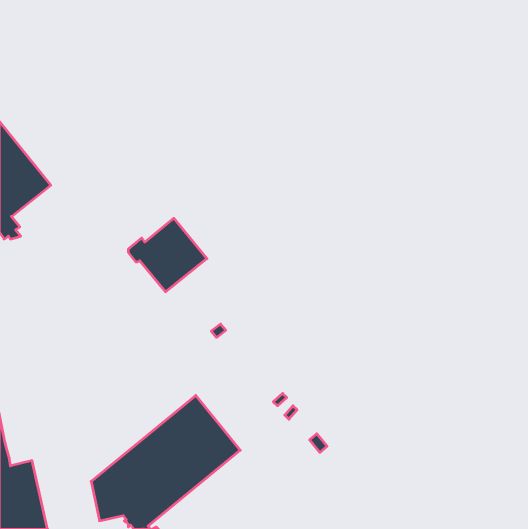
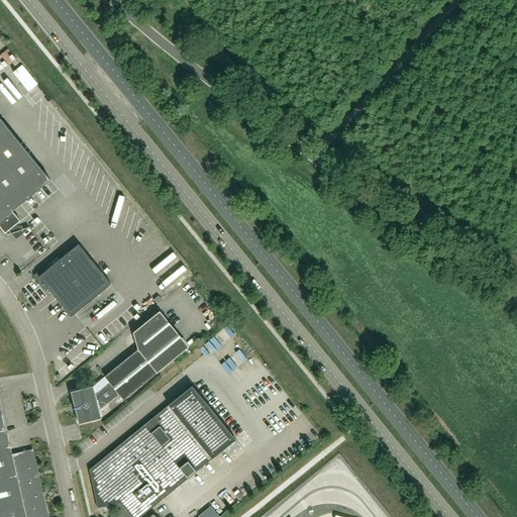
building: [128,218,207,292] -> [33,244,110,316]
building: none -> [70,311,188,424]

